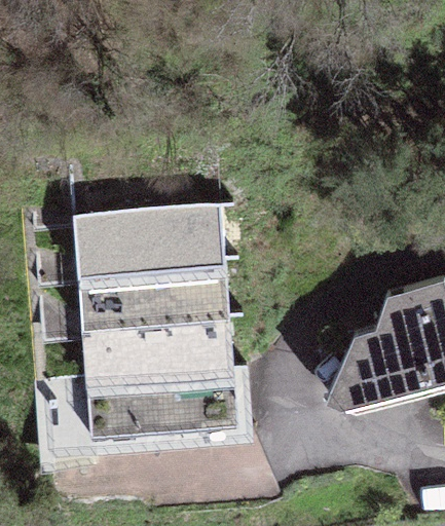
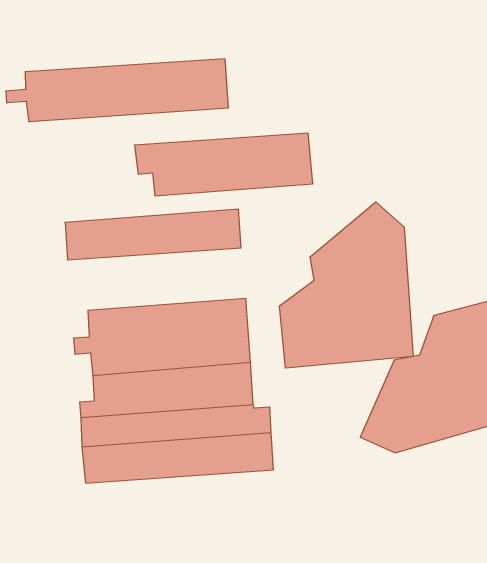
building: none -> [6,59,228,122]
building: none -> [279,202,413,368]
building: [75,238,227,292] -> [134,133,313,196]

